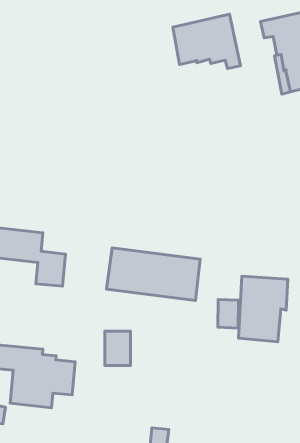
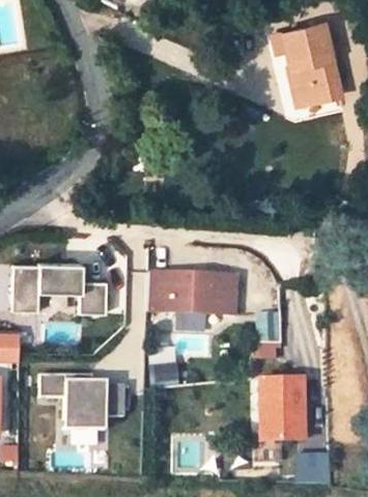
building: [173,14,241,68] -> none
building: [238,276,288,342] -> [259,377,305,438]

